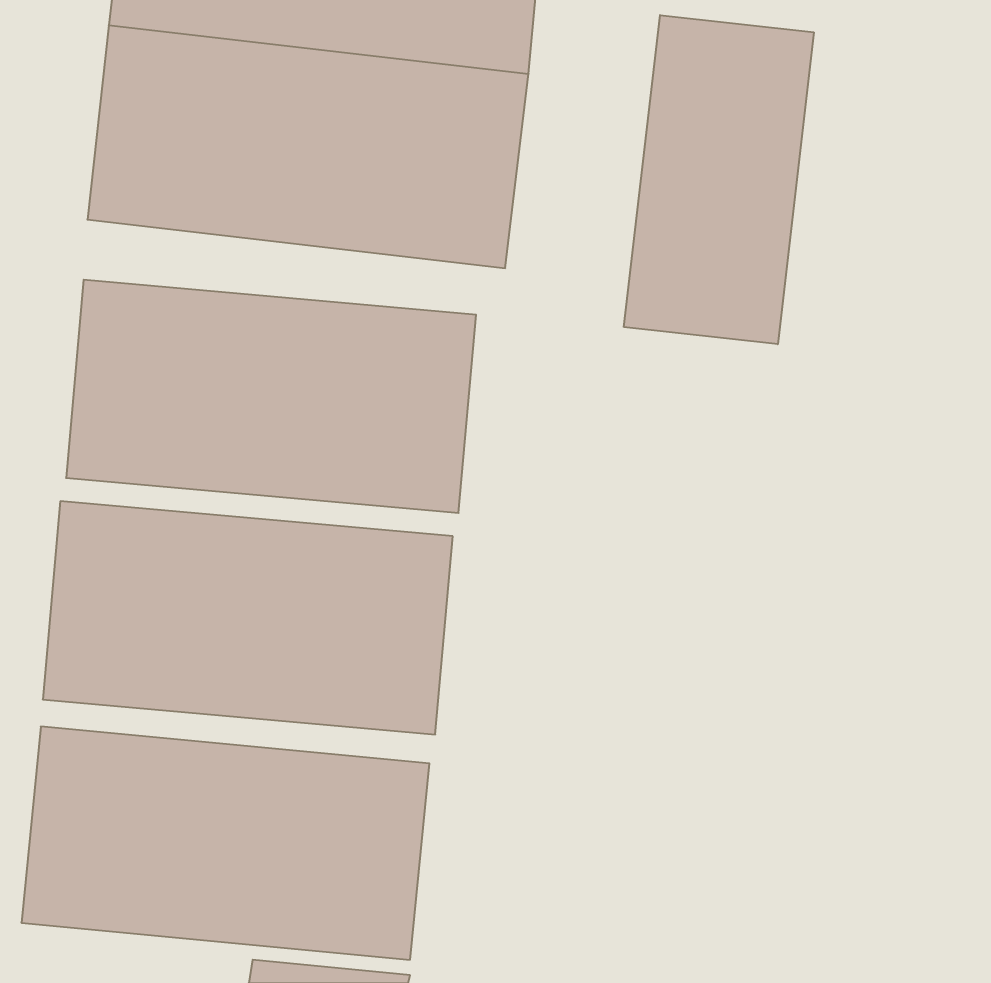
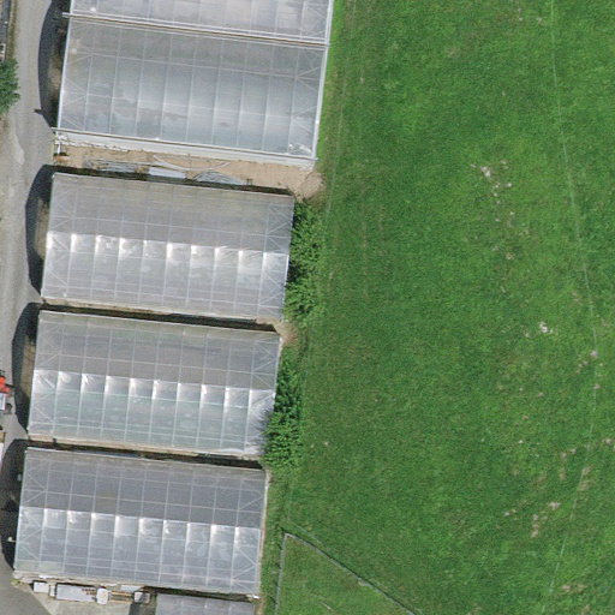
building: [624,15,814,344] -> none

